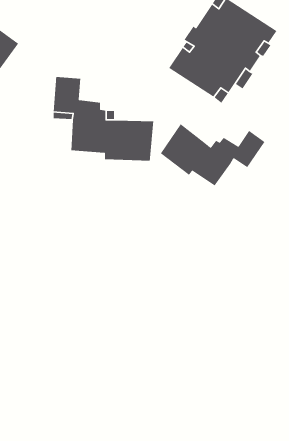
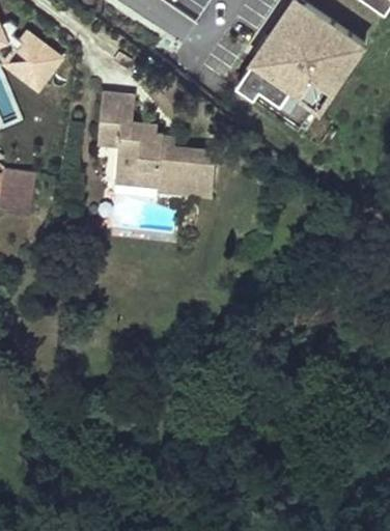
building: [160,123,266,187] -> none

